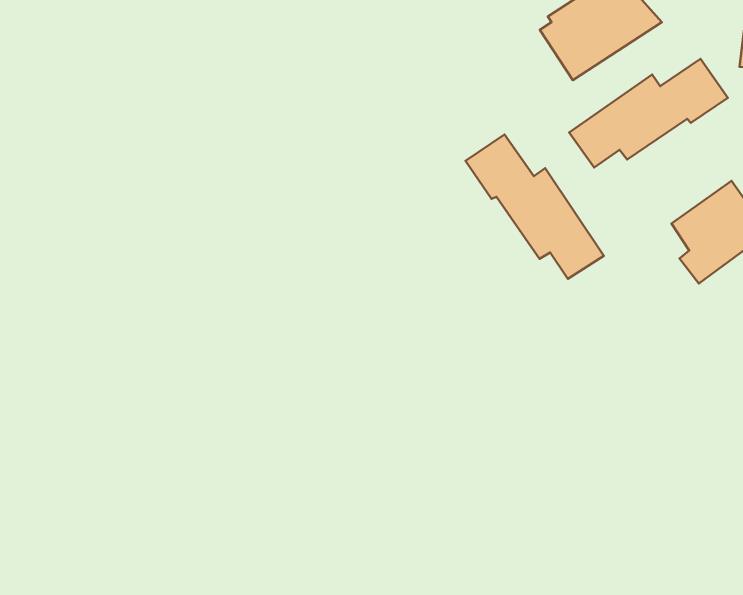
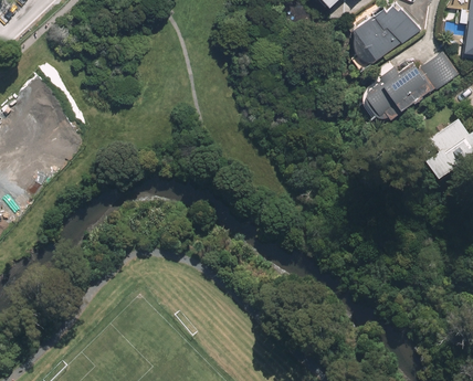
building: [465,135,604,279] -> none

